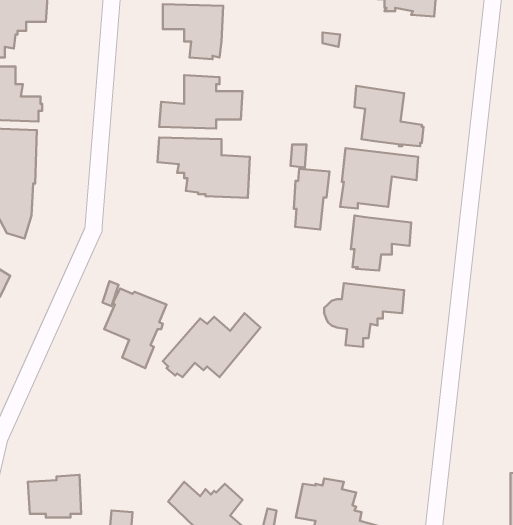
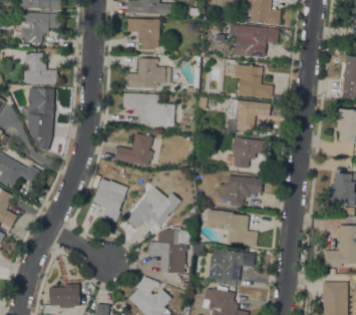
building: none -> [229,25,278,57]
building: [294,169,330,229] -> none
building: none -> [114,133,152,167]
building: none -> [211,213,257,247]
building: none -> [147,227,186,274]
building: none -> [209,251,254,286]

